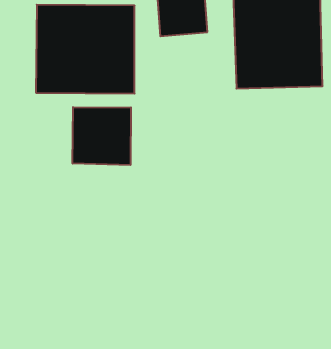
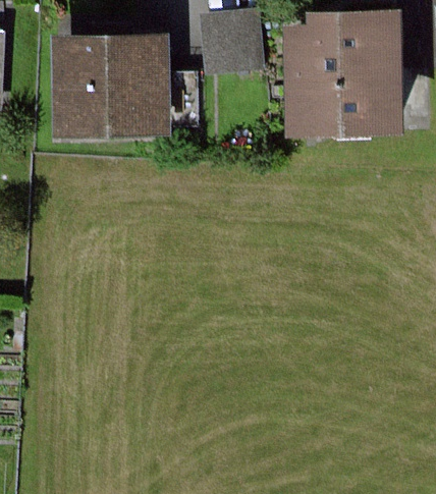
building: [73,107,131,165] -> none

